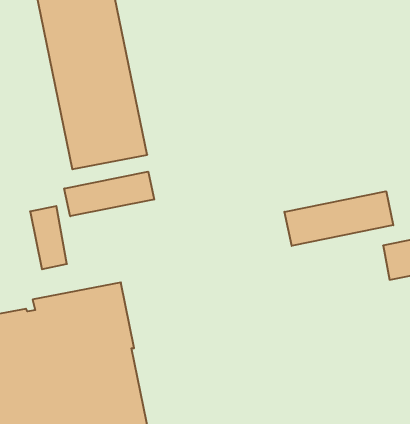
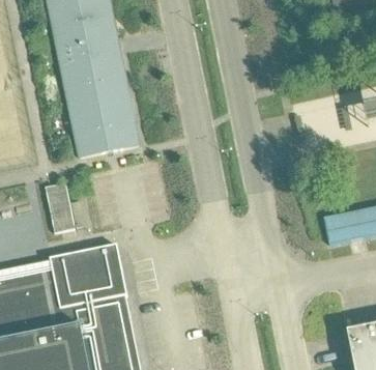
building: [64,172,154,216] -> none
building: [284,191,393,246] -> none

